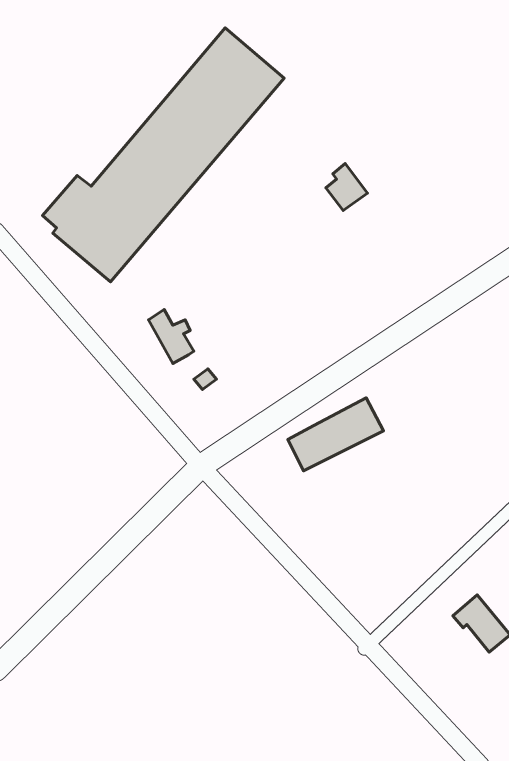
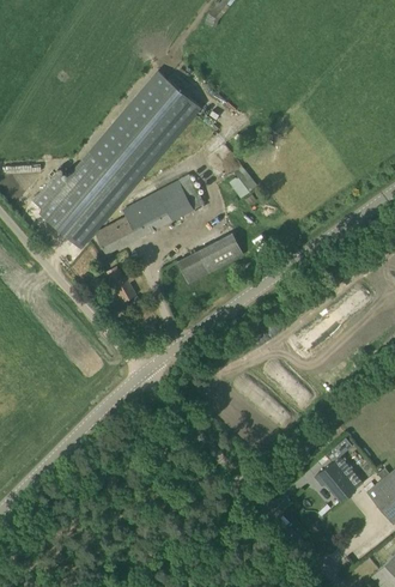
building: none -> [95,174,202,254]
building: [288,398,383,471] -> [177,232,243,283]

